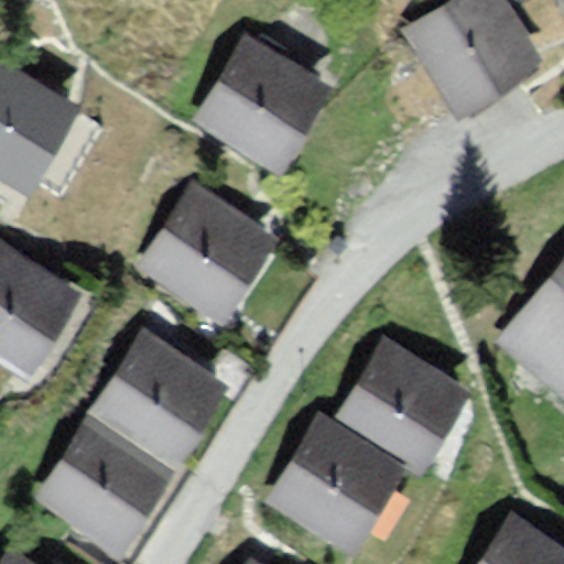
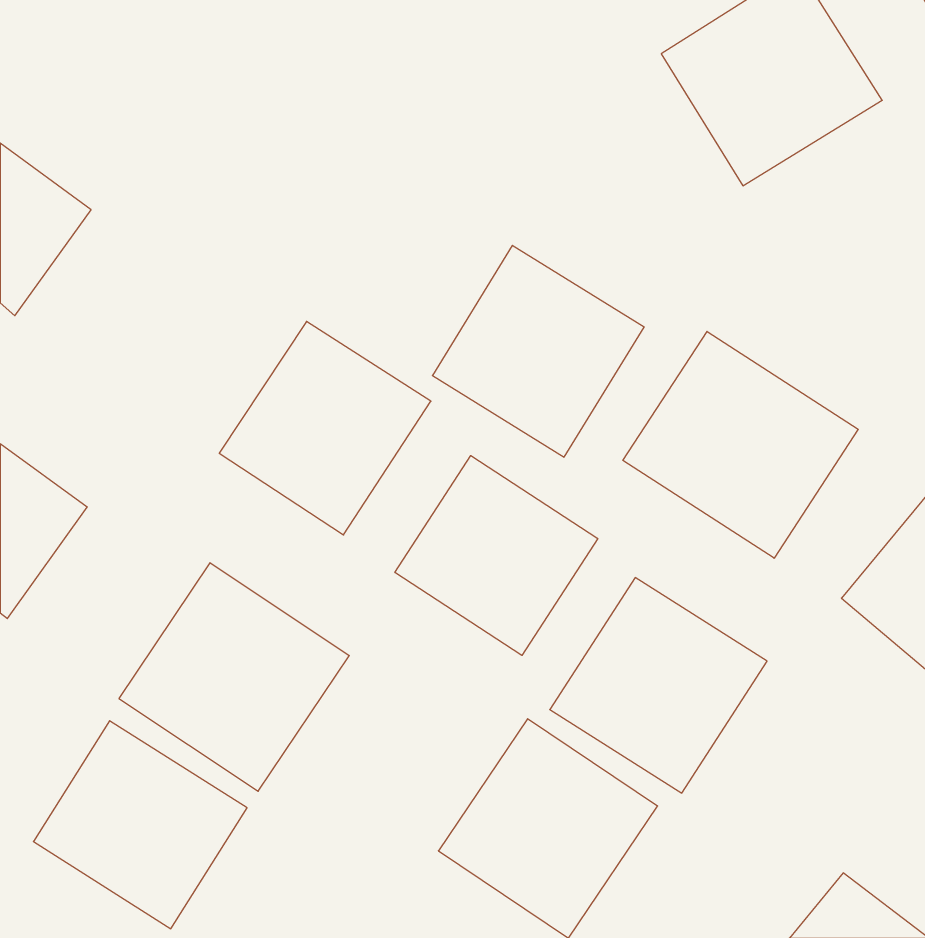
building: [197,39,323,164] -> [432,245,644,457]
building: none -> [623,331,858,558]
building: none -> [395,456,598,655]

